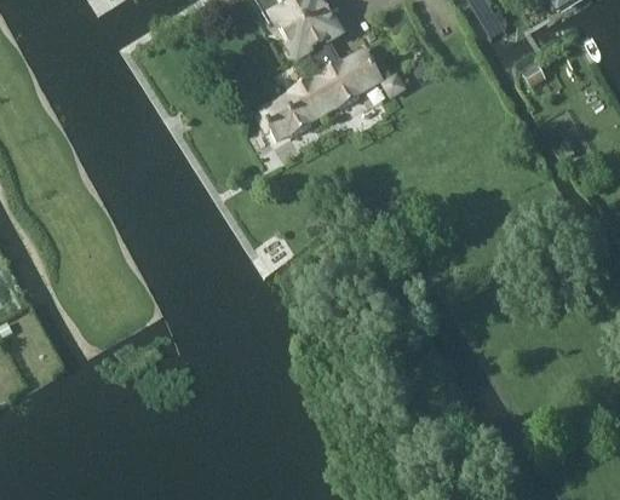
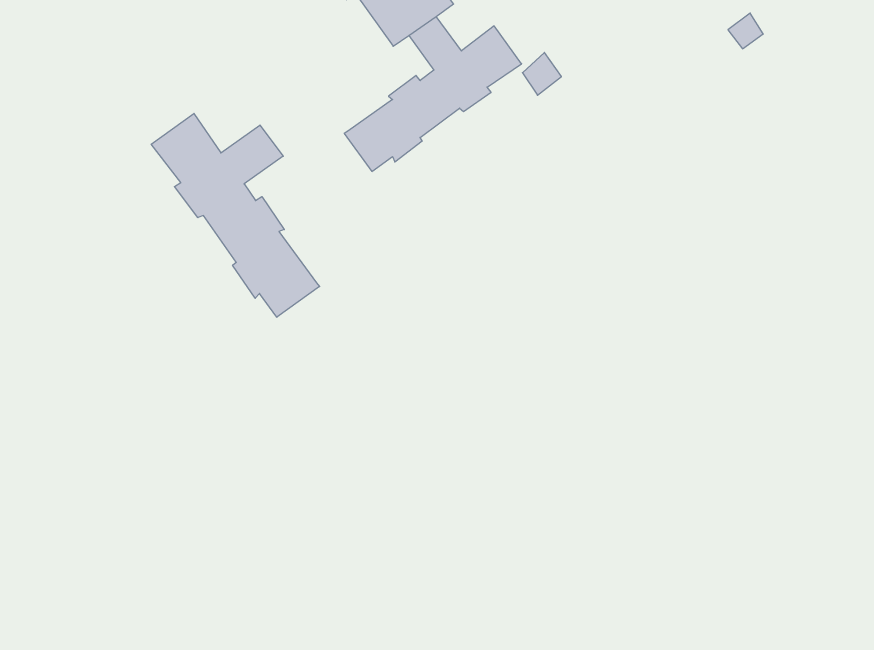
building: none -> [151,113,320,317]

